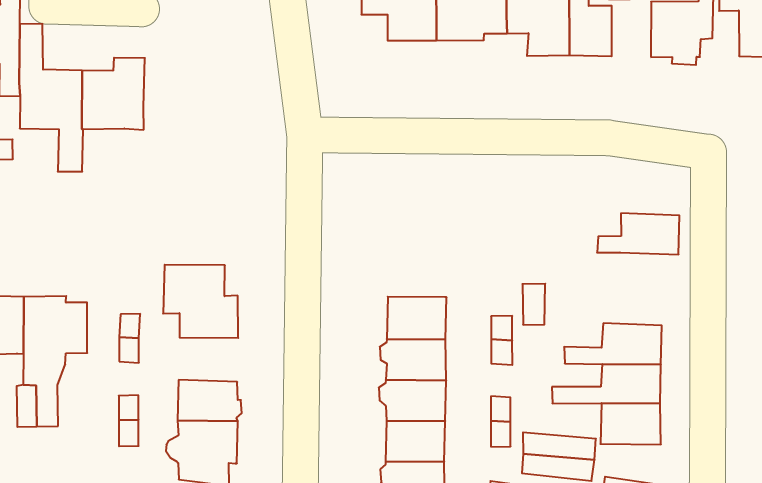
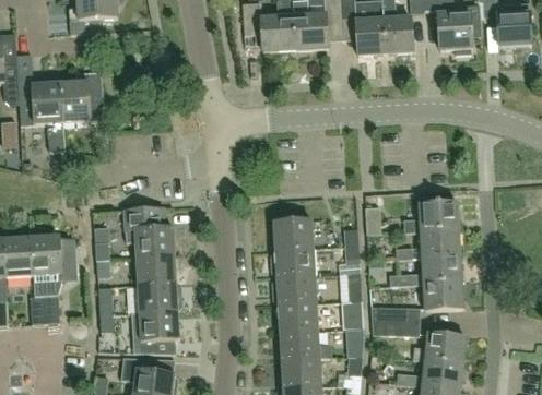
building: [597,213,679,254] -> [404,203,459,231]
building: none -> [137,255,177,286]

